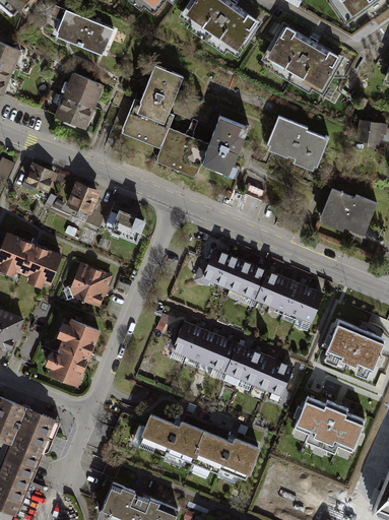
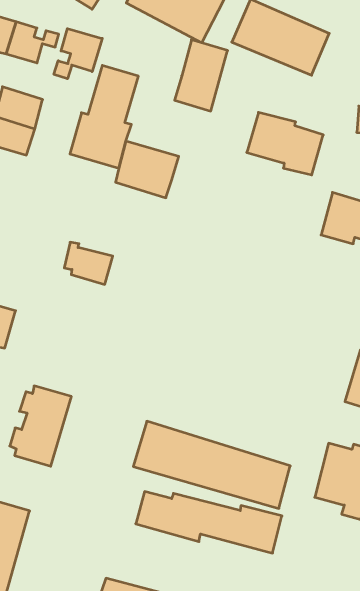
building: none -> [54,29,102,79]
building: [201,117,249,177] -> [175,40,228,111]
building: [65,181,101,215] -> none
building: [199,245,327,327] -> none
building: [69,262,113,308] -> none
building: [170,317,298,400] -> [133,421,290,508]

